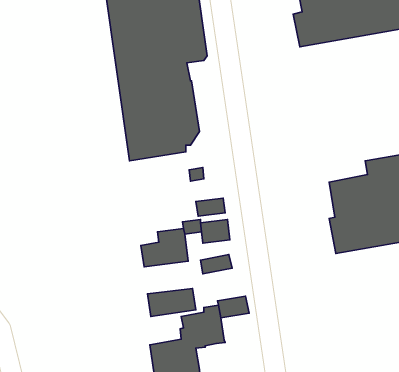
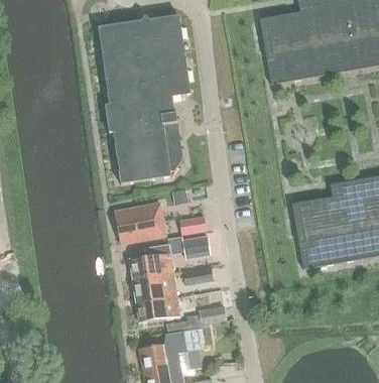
building: none -> [114,203,165,243]
building: none -> [133,273,176,302]

